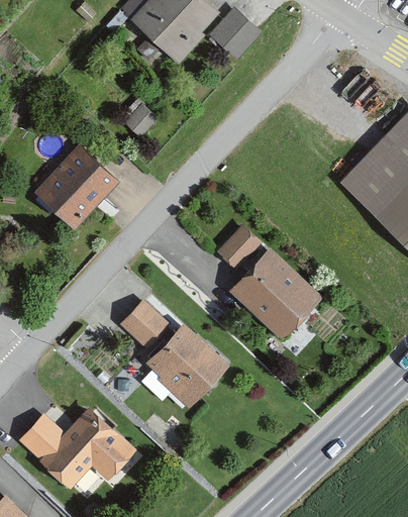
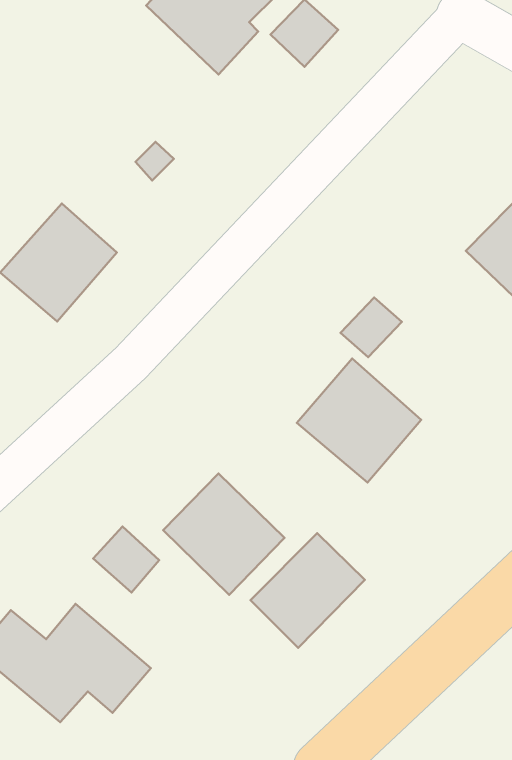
building: [220,228,261,268] -> [340,297,402,357]
building: [121,303,165,346] -> [93,526,159,592]
building: none -> [251,533,365,648]

